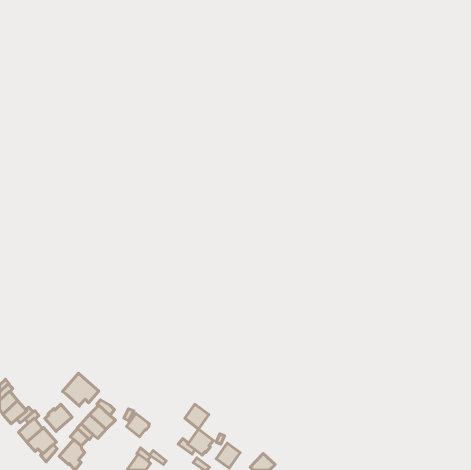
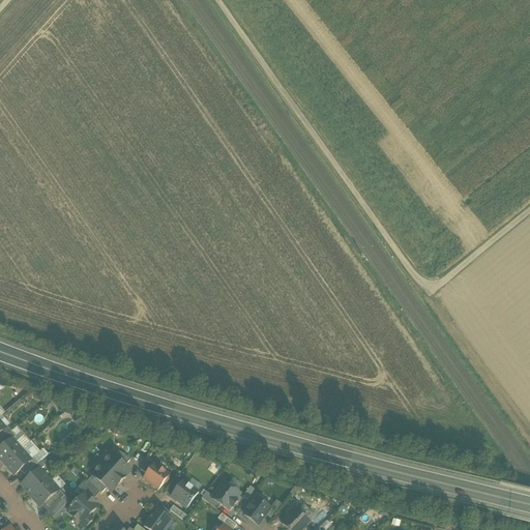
building: [62,373,99,406] -> none
building: [45,404,72,431] -> none
building: [185,404,209,429] -> [170,479,197,507]

